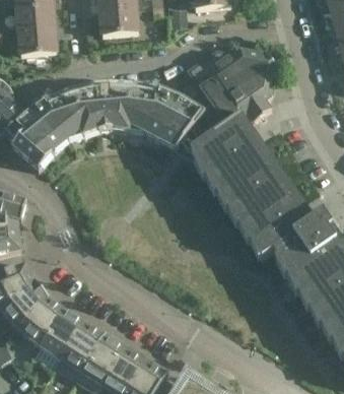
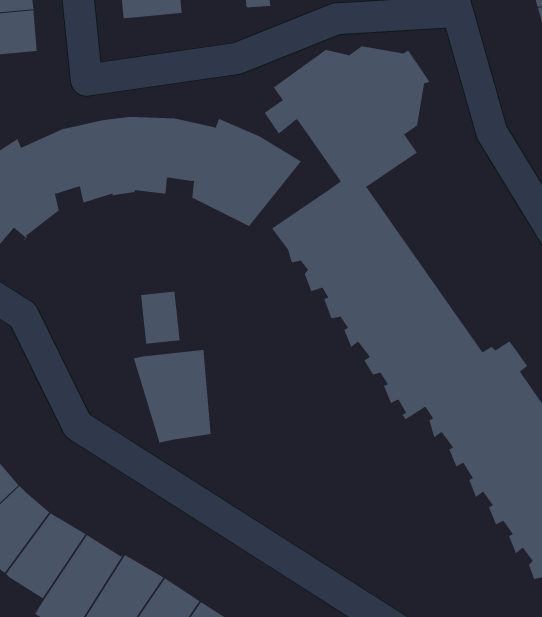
building: none -> [141,291,180,345]
building: none -> [133,349,211,443]

